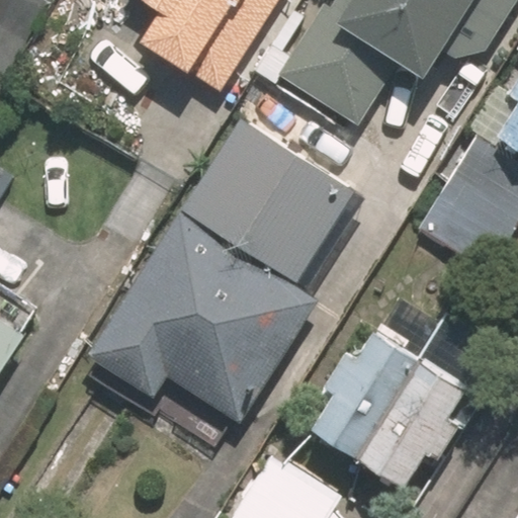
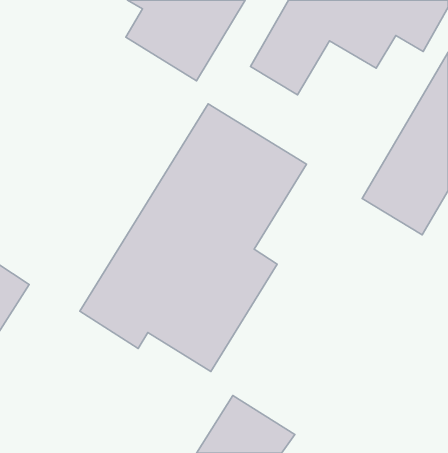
building: [309,331,466,493] -> none

